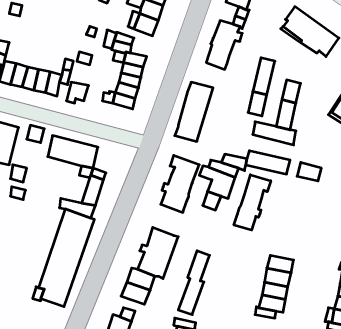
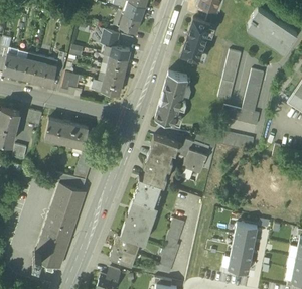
building: [234,175,271,230] -> none
building: none -> [134,177,162,205]

